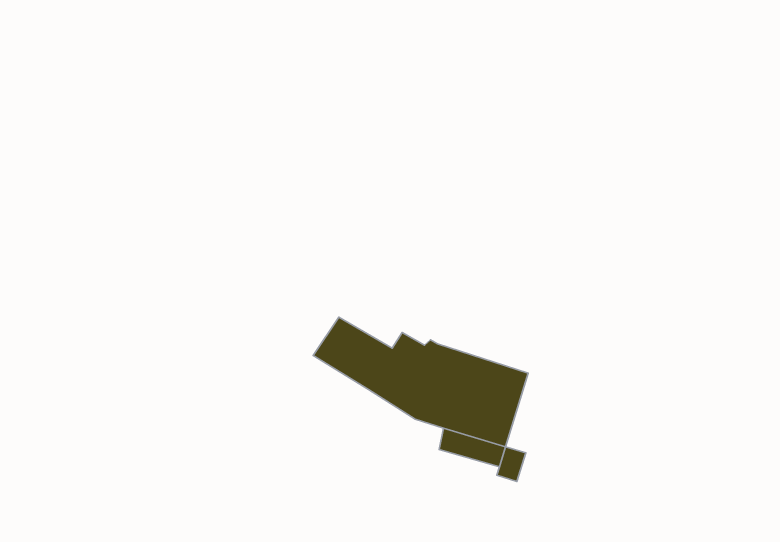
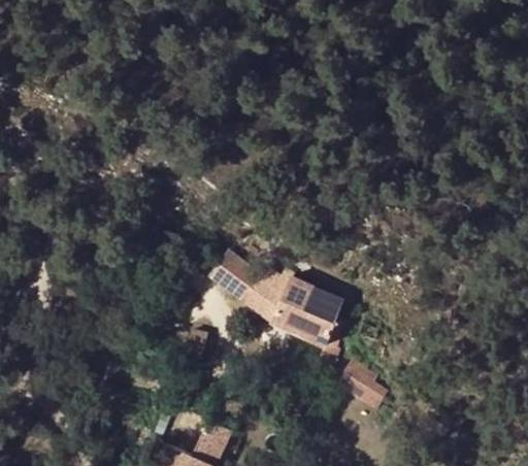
building: none -> [336,361,377,401]

